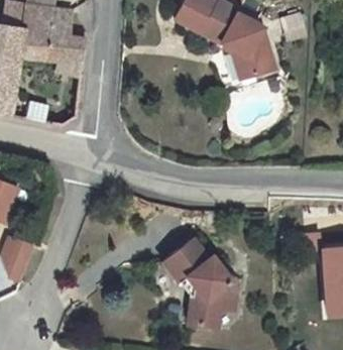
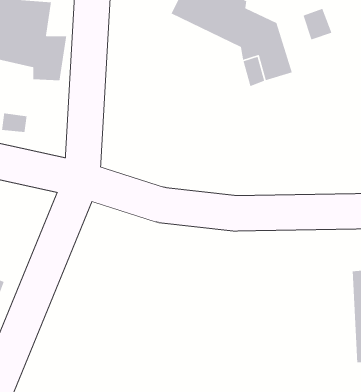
building: [163,237,238,325] -> none

